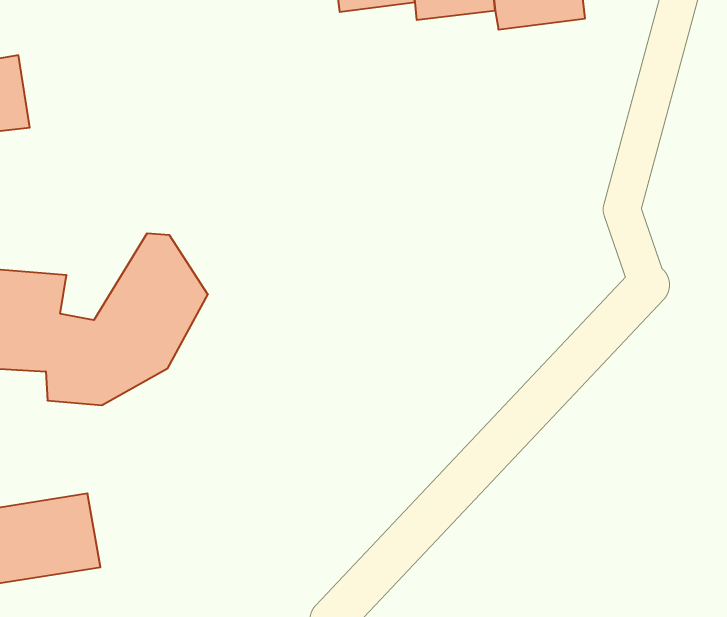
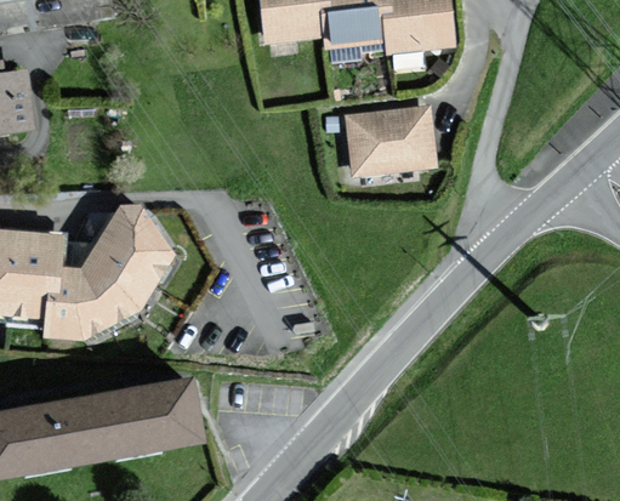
building: none -> [347,109,433,175]
building: none -> [75,386,193,460]

